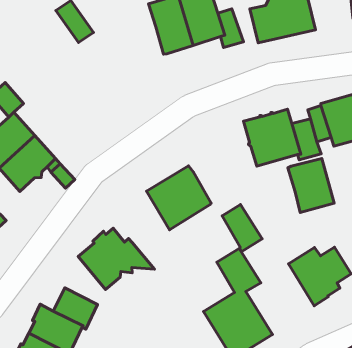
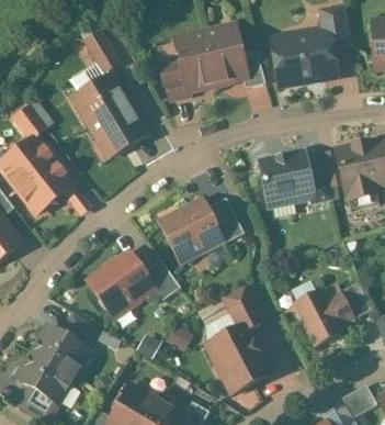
building: none -> [159,61,190,99]
building: none -> [72,74,145,156]
building: [288,158,334,212] -> none
building: [222,205,262,252] -> [206,197,244,243]
building: none -> [141,258,180,299]

